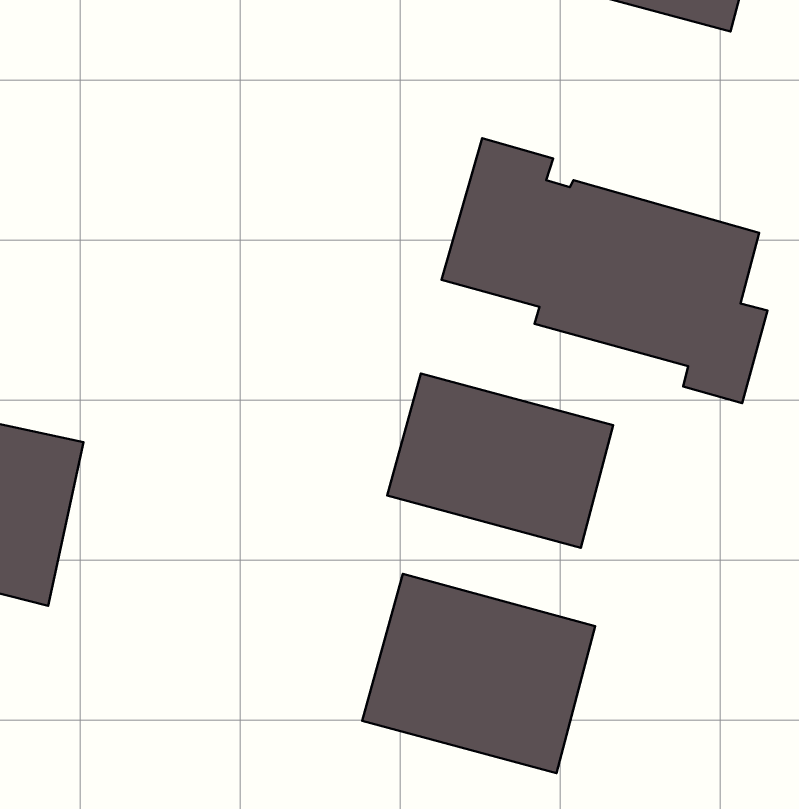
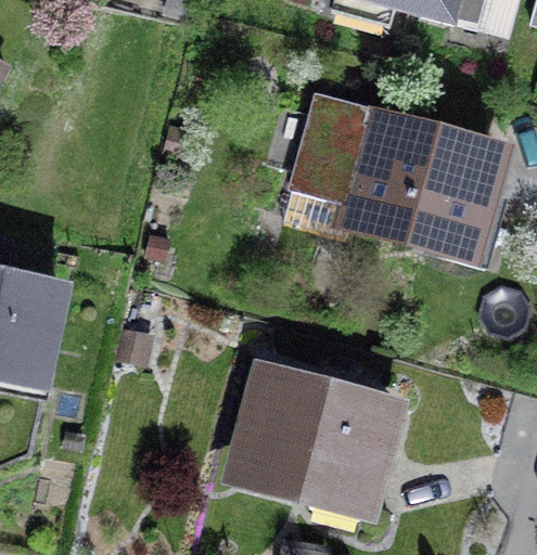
building: [387,374,613,548] -> none

